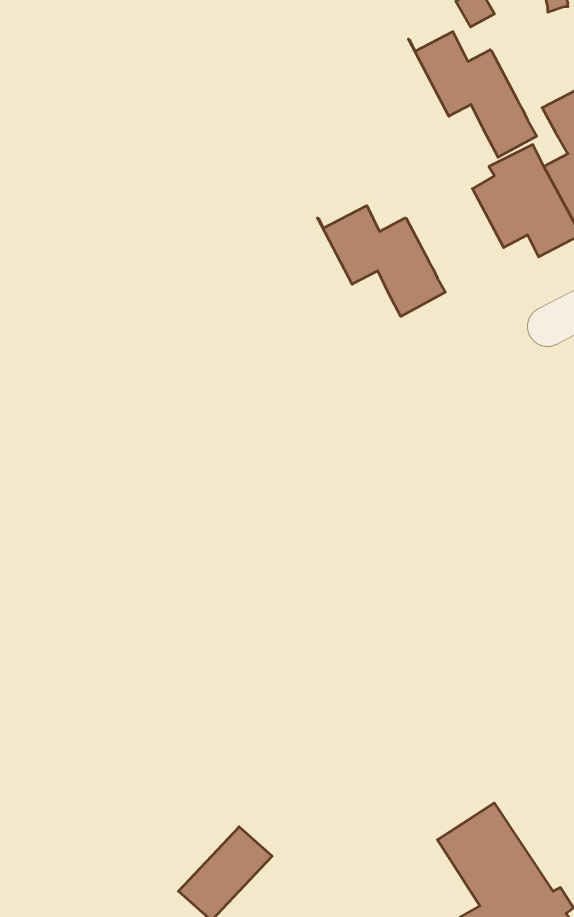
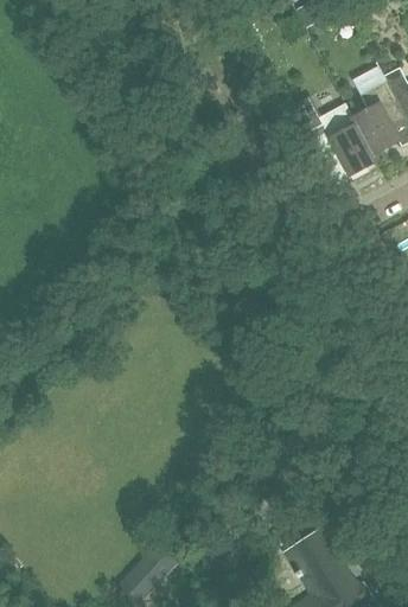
building: [408,32,537,157] -> none
building: [317,206,445,316] -> none

